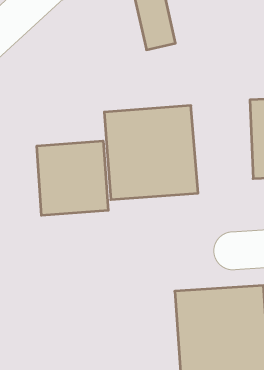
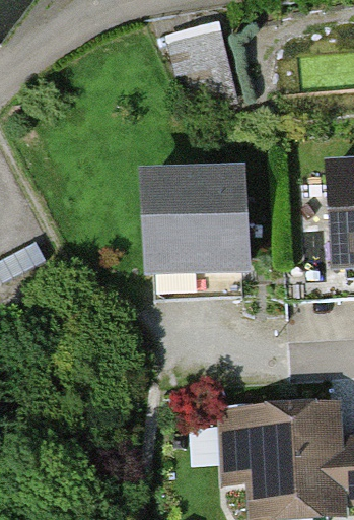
building: [37,141,108,215] -> none

